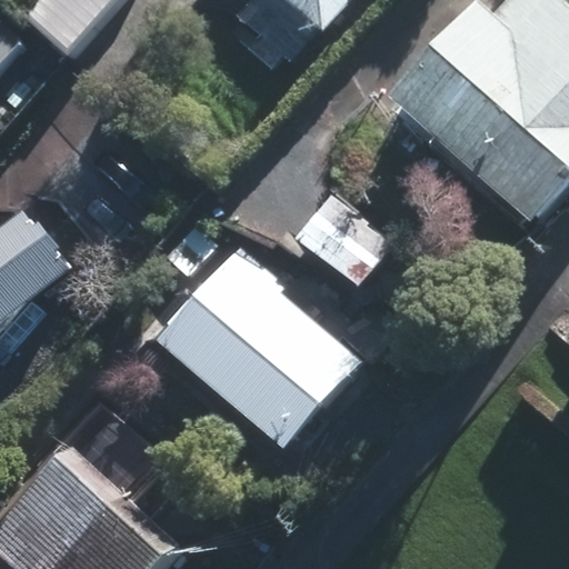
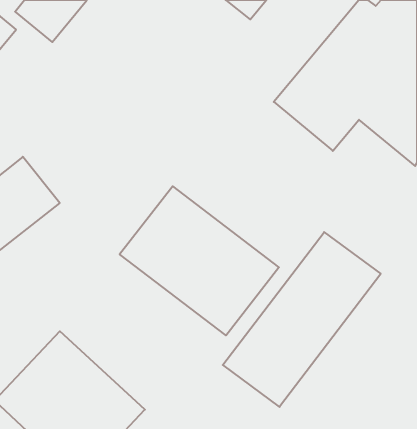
building: none -> [223,232,381,407]

